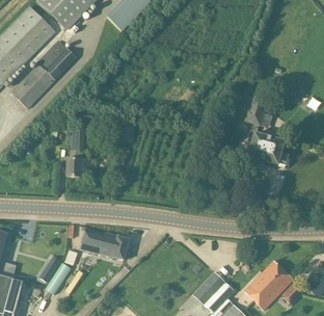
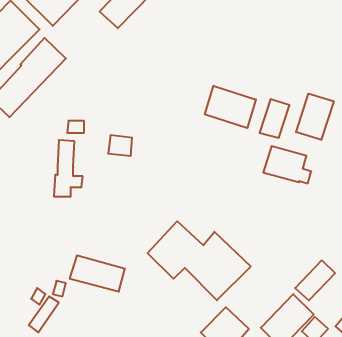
building: none -> [205,86,256,128]
building: none -> [296,94,334,140]
building: none -> [148,221,251,300]
building: none -> [295,260,335,300]

